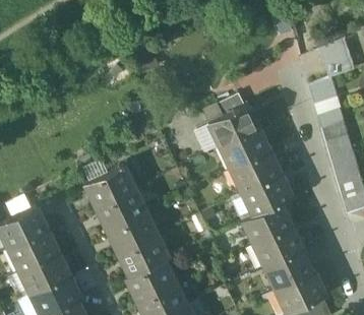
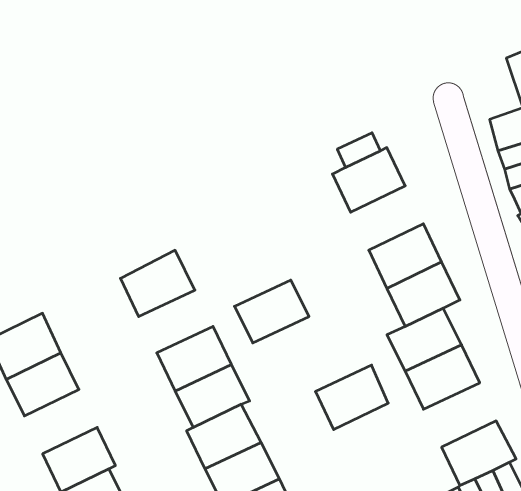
building: [224,127,268,167] -> none
building: [94,191,139,230] -> [234,280,309,343]
building: [268,248,313,288] -> [315,365,388,430]
building: [23,252,68,292] -> none

